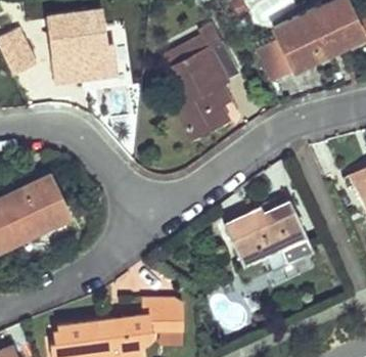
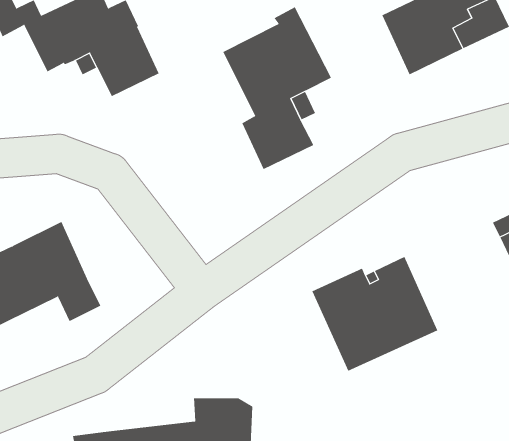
building: [249,30,293,83] -> none

